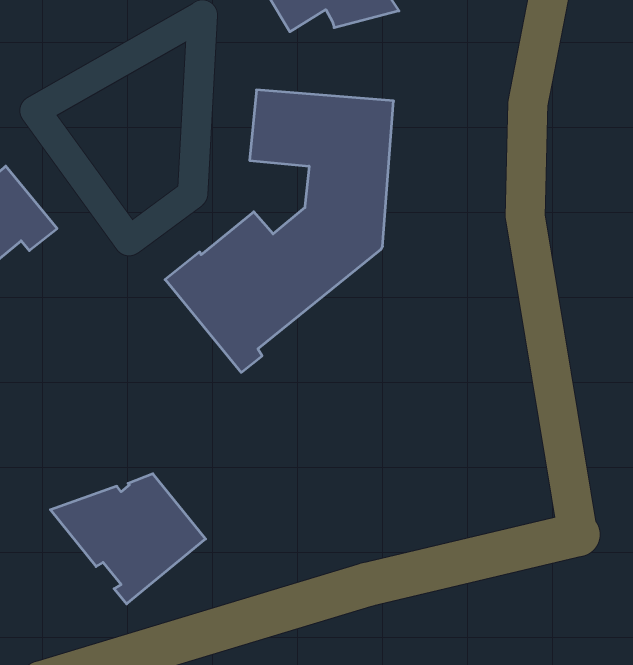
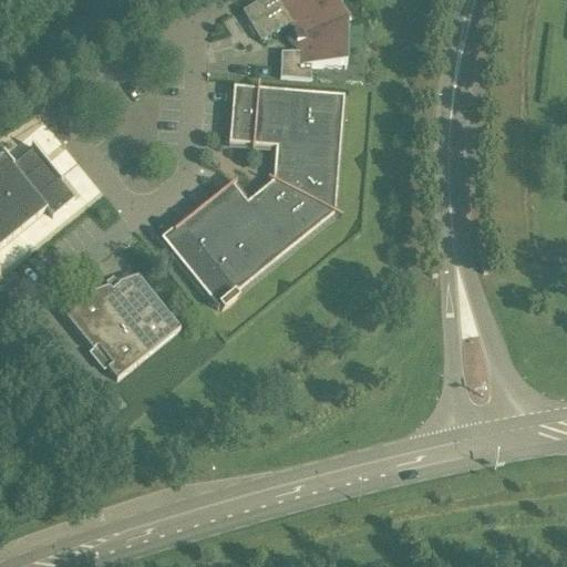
building: none -> [280,20,347,76]
building: [50,474,206,604] -> [55,271,179,375]

